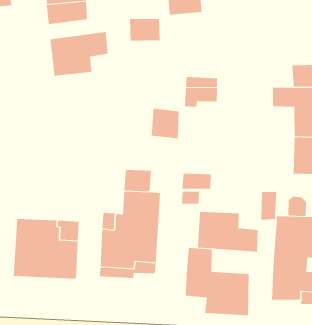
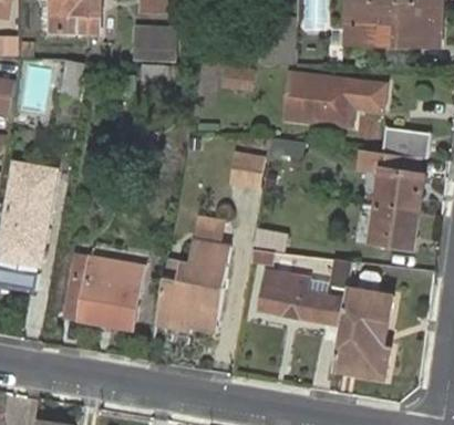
building: none -> [285,74,384,131]
building: [50,31,108,76] -> none
building: [185,247,249,316] -> none

